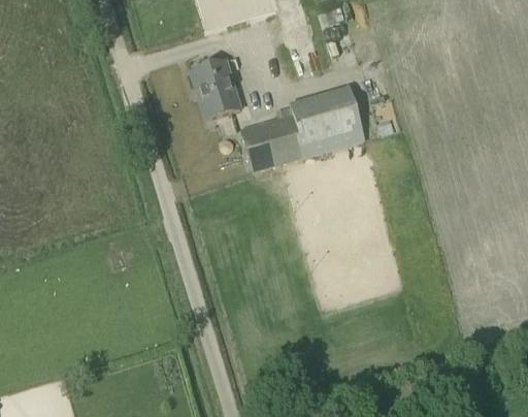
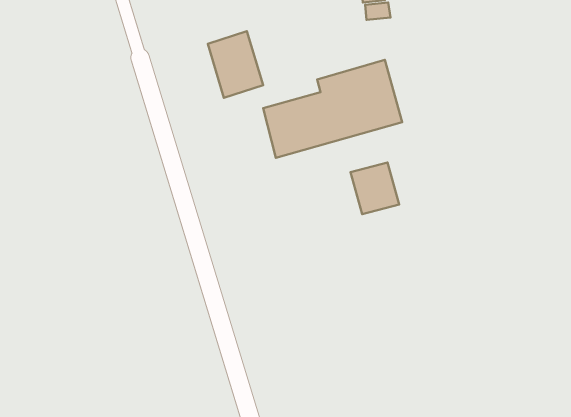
building: none -> [351,163,399,214]

